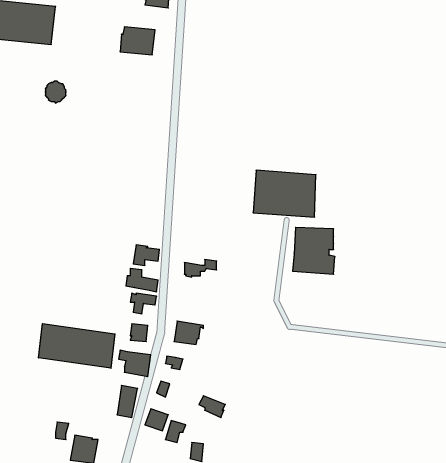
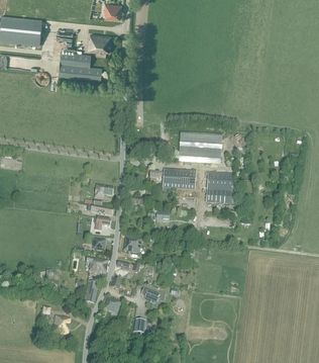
building: none -> [58,52,102,80]
building: none -> [150,168,196,189]
building: [39,324,115,368] -> none

